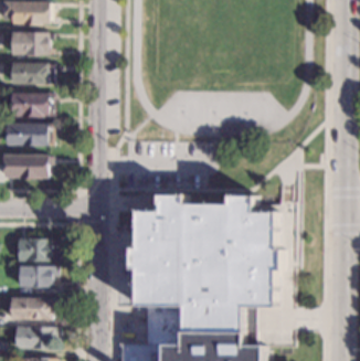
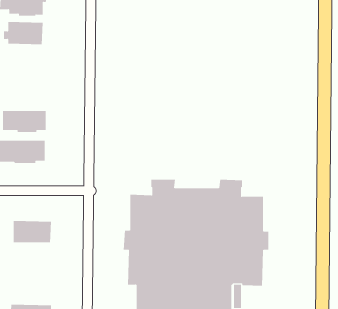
building: [12,61,55,84] -> none
building: [11,92,55,117] -> none
building: [18,266,57,286] -> none
building: [11,297,59,319] -> none

